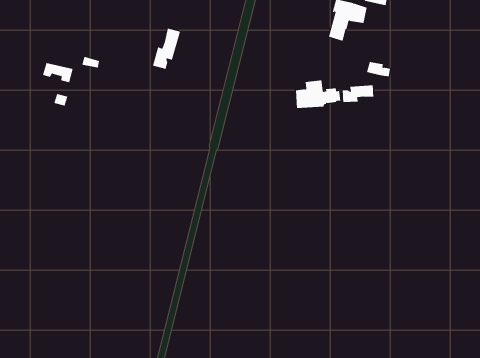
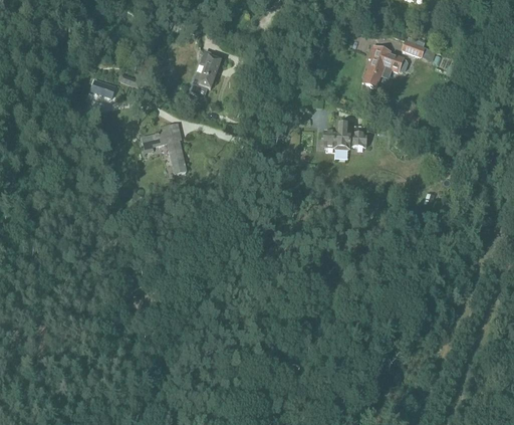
building: [342,84,374,103] -> none
building: none -> [141,124,186,174]

